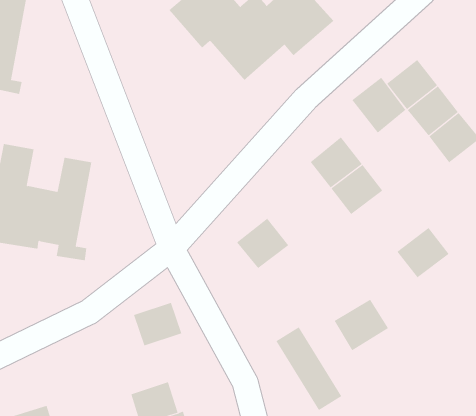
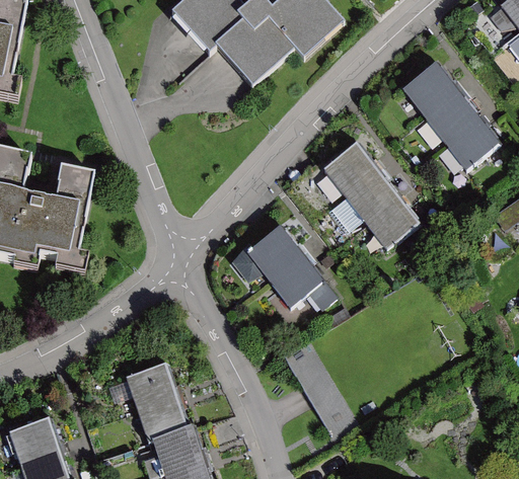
building: [351,77,406,134] -> none
building: [397,227,450,278] -> [364,197,419,250]
building: none -> [268,254,321,307]
building: [334,299,389,351] -> none
building: [133,302,182,346] -> [125,363,175,408]

